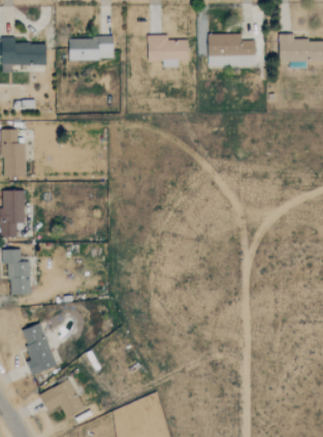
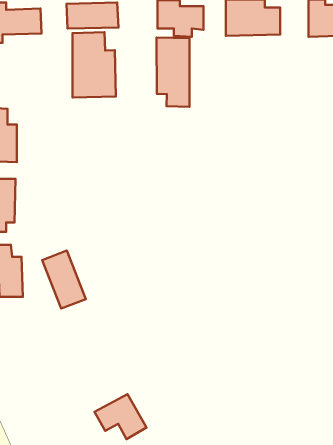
building: none -> [73,32,116,97]
building: none -> [157,38,190,107]
building: [20,323,58,374] -> [42,251,86,309]
building: [39,379,85,418] -> [95,394,147,439]

